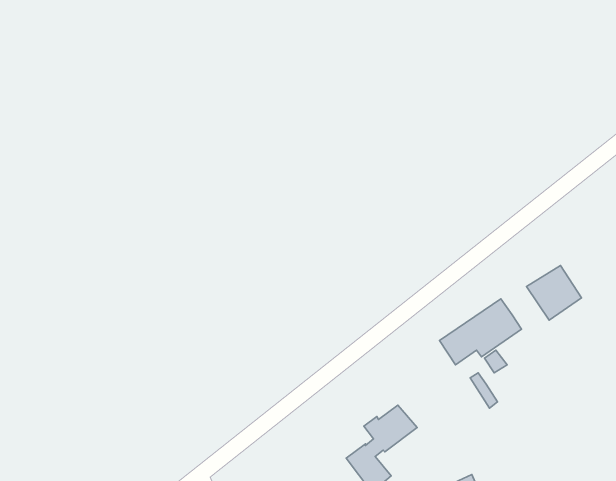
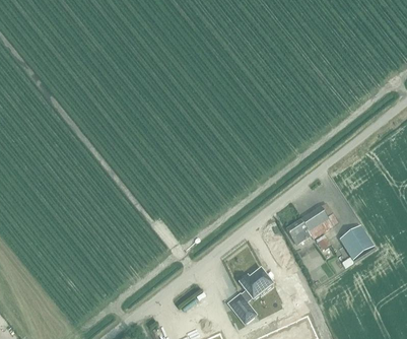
building: [527,265,581,320] -> [340,227,375,262]

